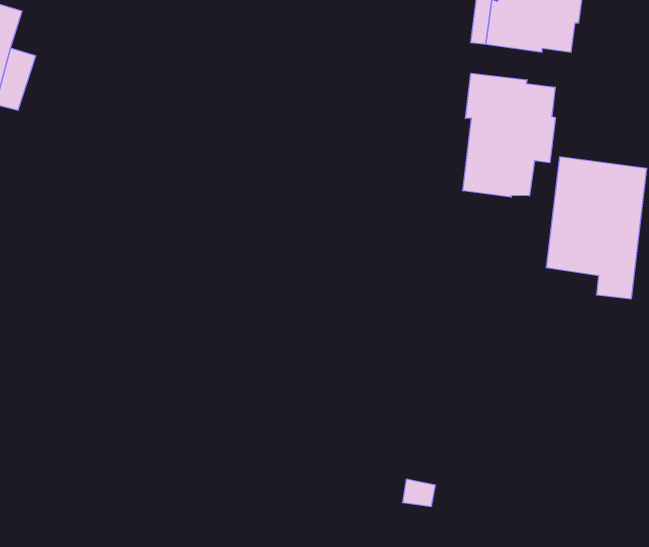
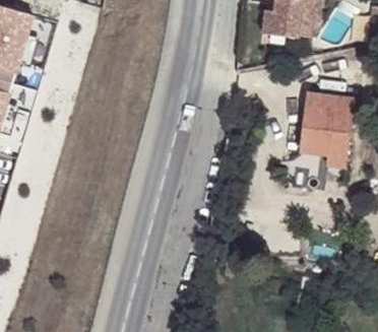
building: [463,73,556,197] -> none

